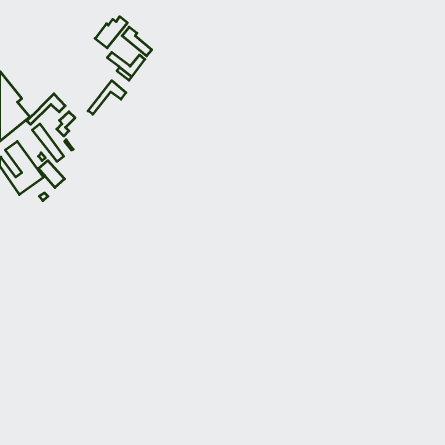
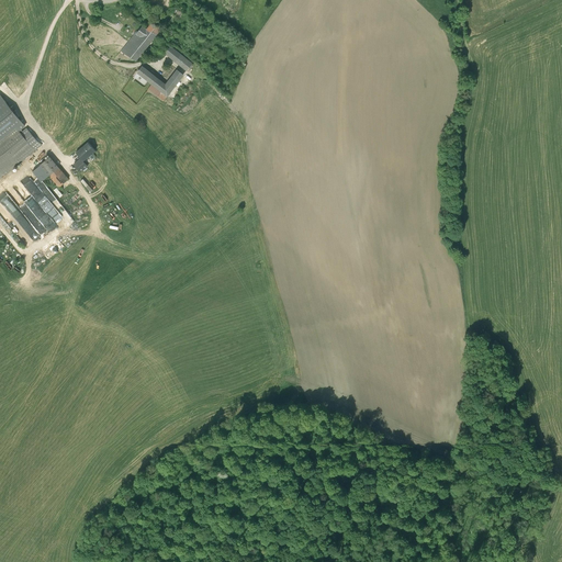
building: [88,81,126,114] -> none
building: [27,94,65,124] -> none

